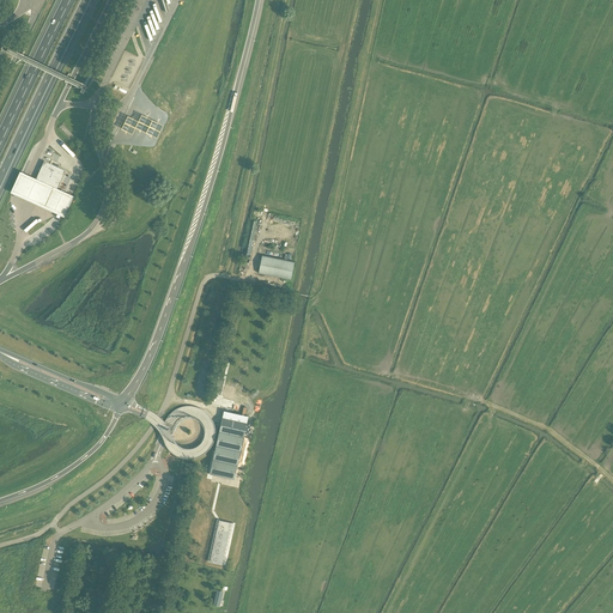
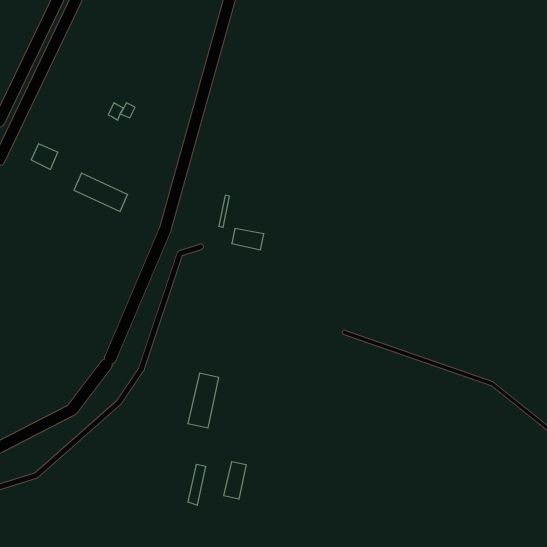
building: [13,171,73,214] -> [74,173,128,212]
building: none -> [224,462,246,499]

